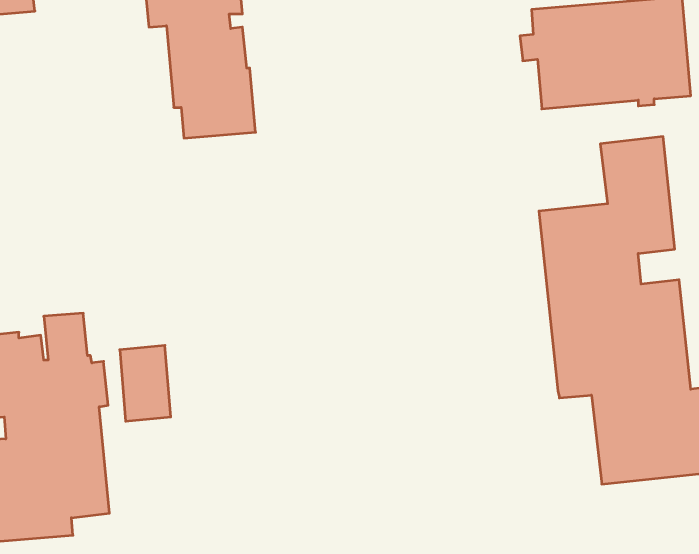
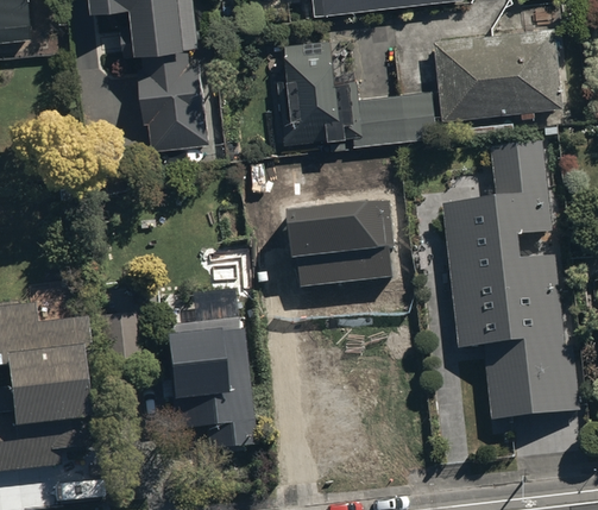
building: none -> [278,40,438,146]
building: none -> [285,195,394,285]
building: none -> [164,319,257,455]

